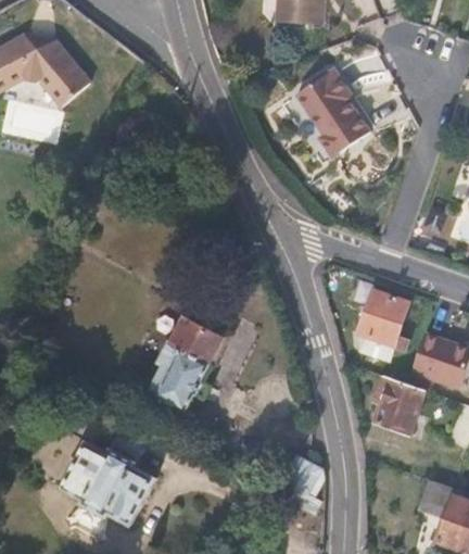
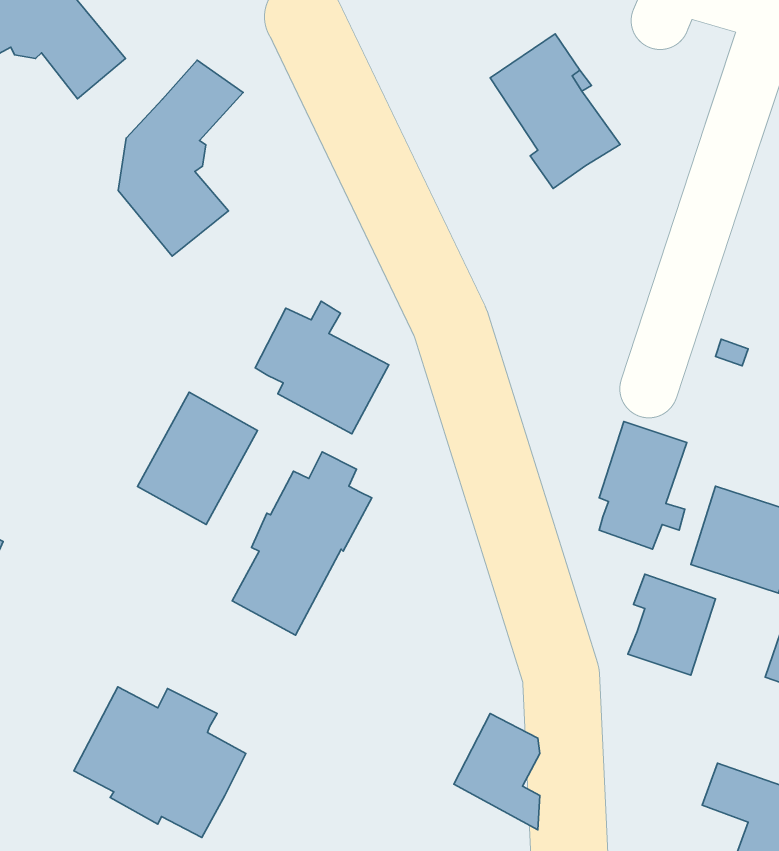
building: none -> [118,60,243,256]
building: none -> [255,301,389,434]
building: none -> [138,392,257,525]

